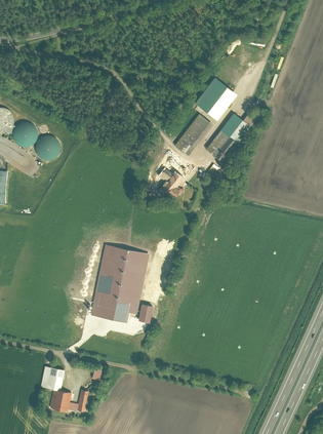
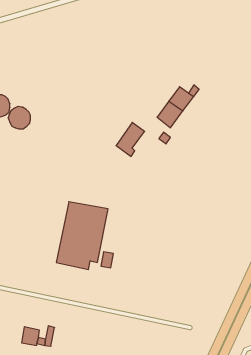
building: [195,77,234,117] -> none
building: [175,114,212,153] -> none
building: [40,365,64,389] -> none

